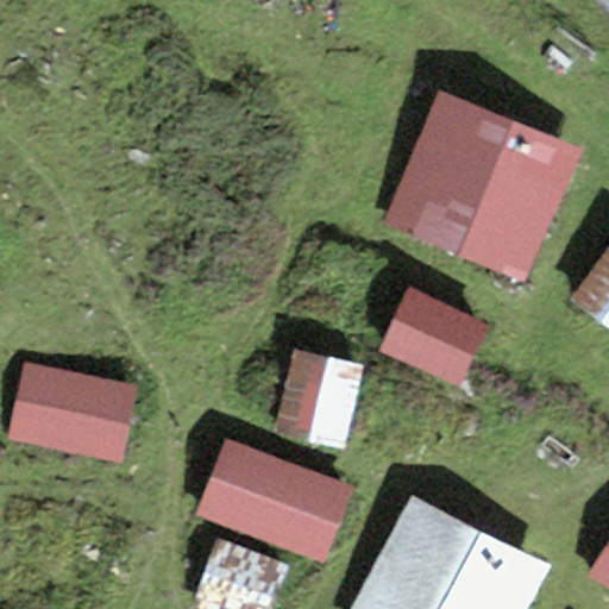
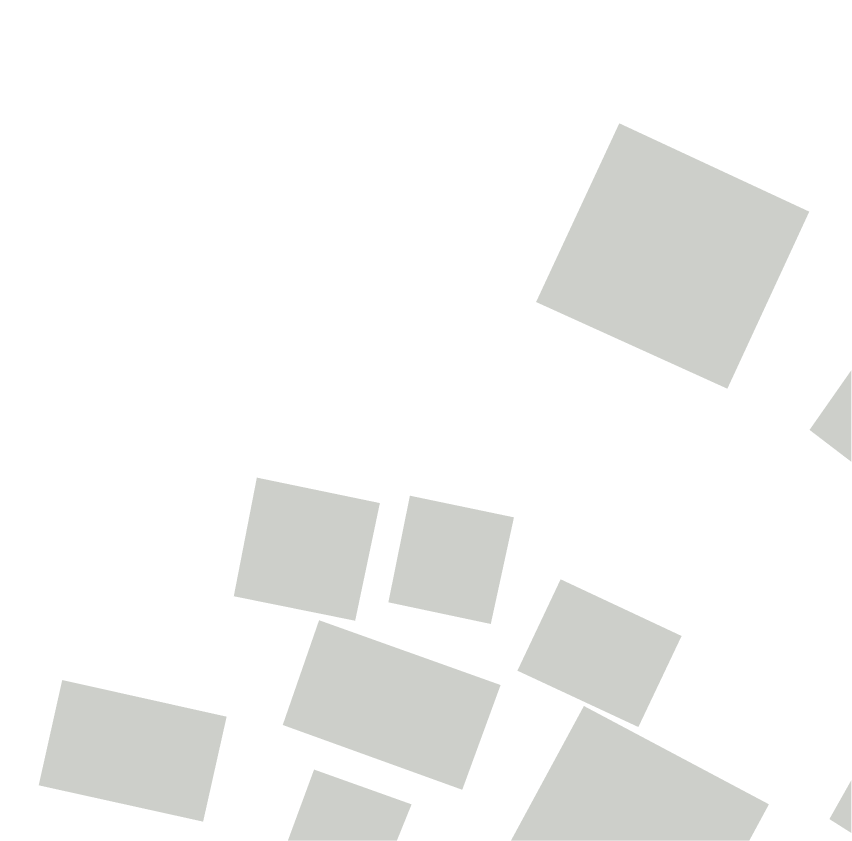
building: [375,288,492,394] -> [517,579,683,728]
building: none -> [233,477,380,622]
building: [8,364,143,465] -> [38,680,227,822]

